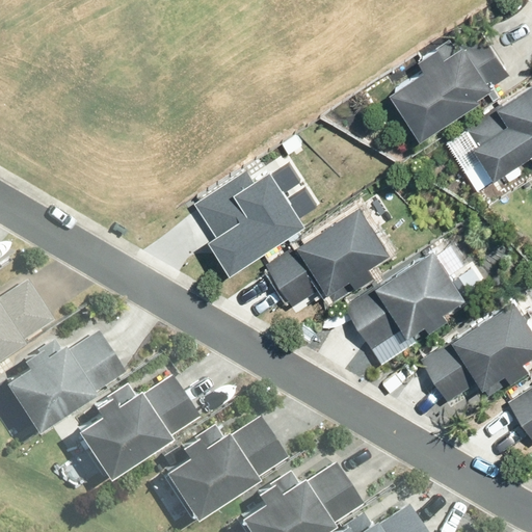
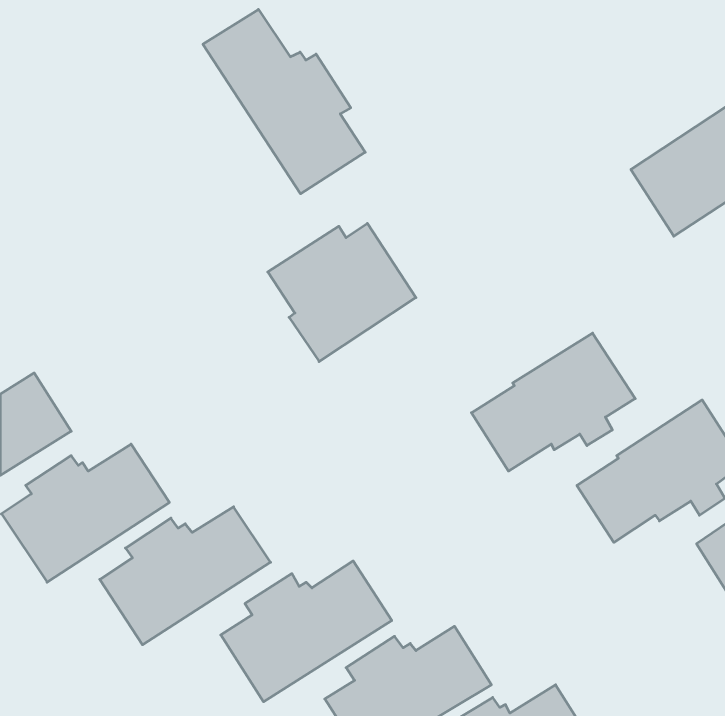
building: none -> [203,9,365,194]
building: [393,42,511,151] -> none
building: [270,207,392,311] -> none

